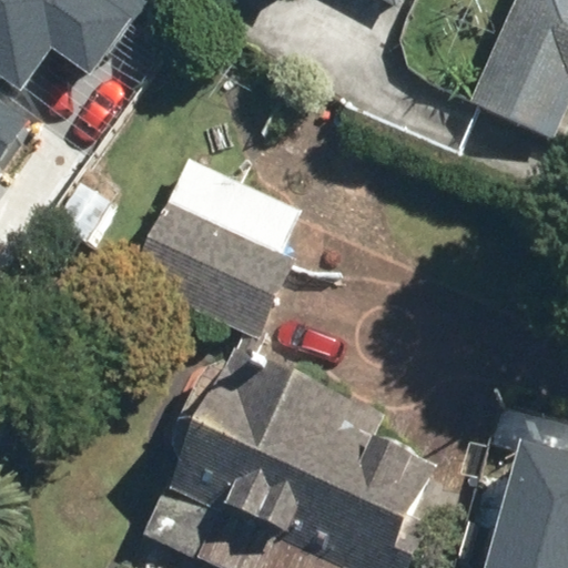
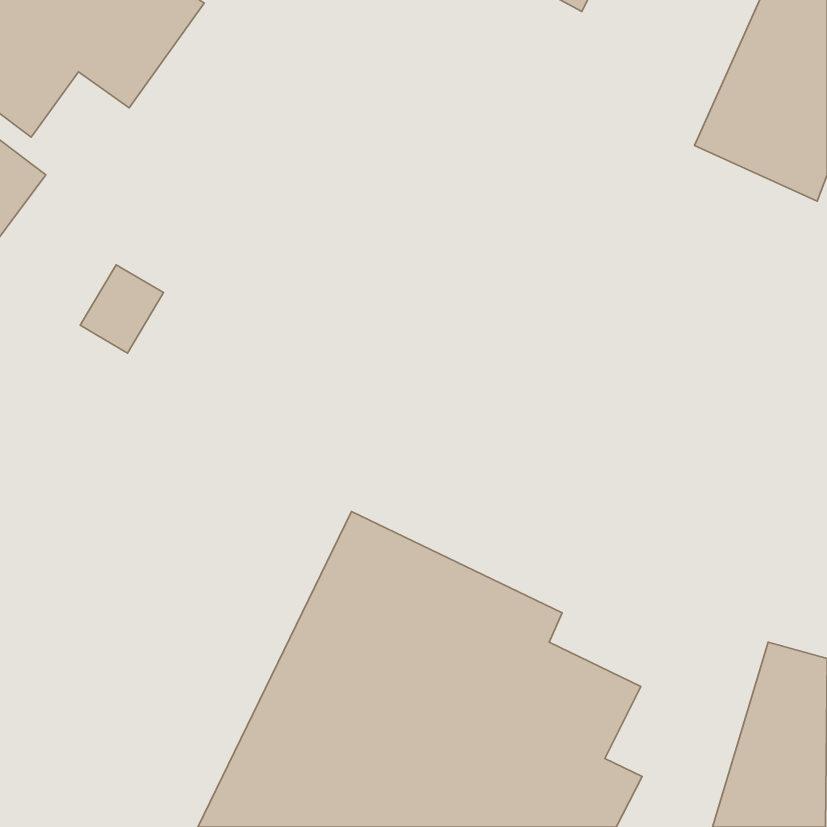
building: [130,158,300,341] -> none

